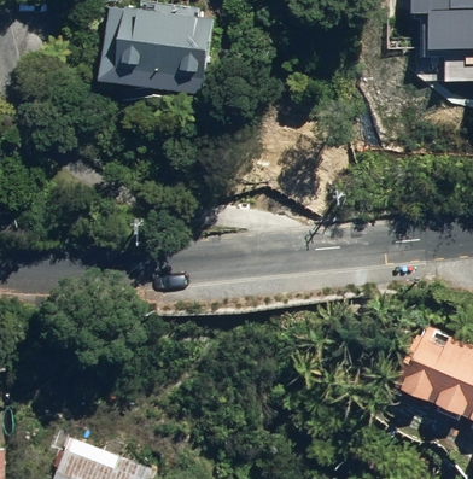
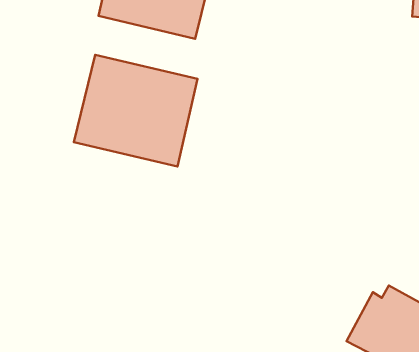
building: none -> [74,55,198,167]

